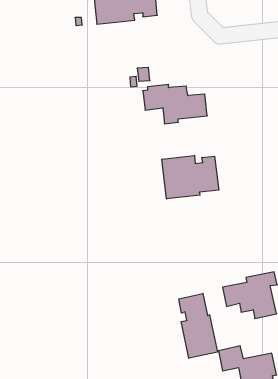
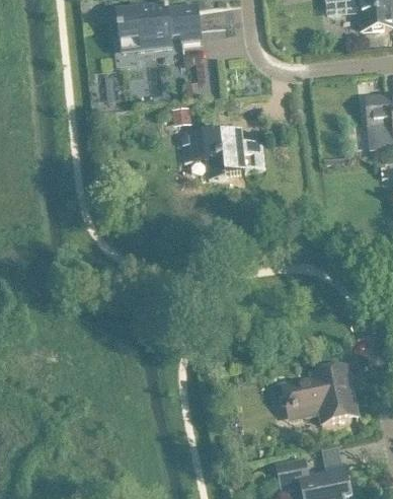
building: [162,155,219,199] -> none
building: [179,293,217,358] -> none

